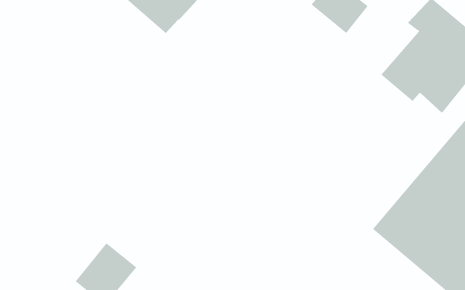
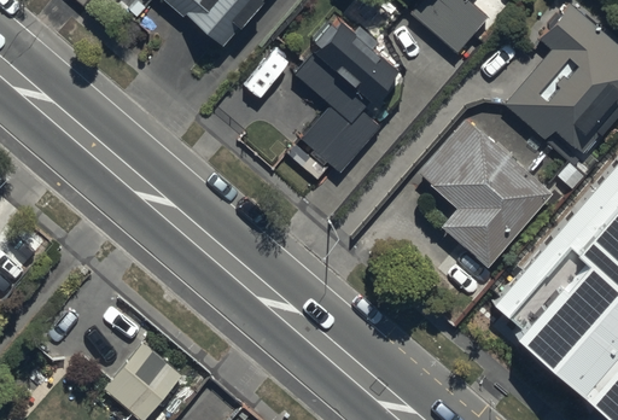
building: none -> [295,28,398,174]
building: none -> [414,122,552,269]

